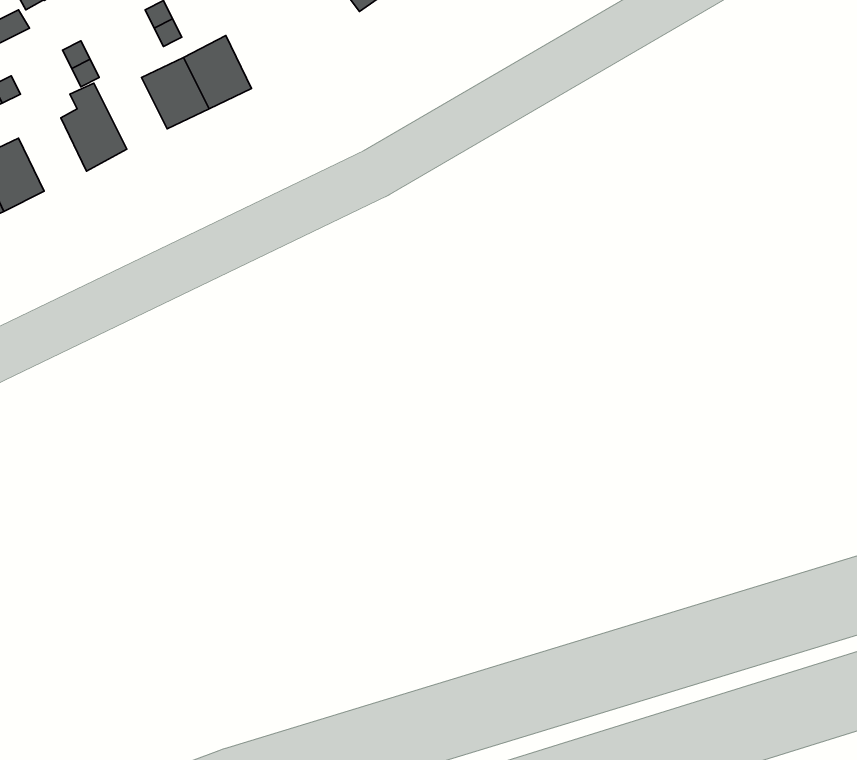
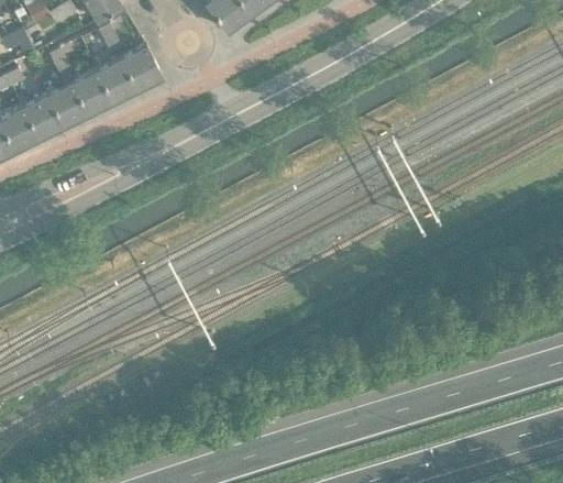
building: none -> [71,72,111,114]
building: none -> [22,96,63,140]

